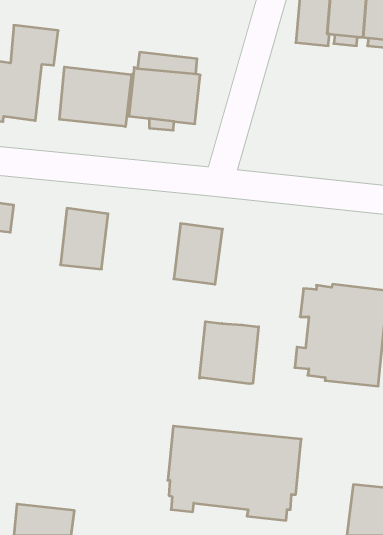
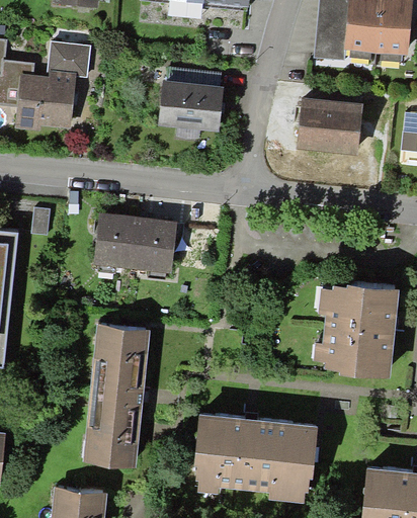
building: [59,67,132,127] -> none
building: none -> [297,97,362,155]
building: [174,224,223,284] -> [132,217,177,273]
building: [200,322,259,384] -> none
building: none -> [82,324,150,467]

